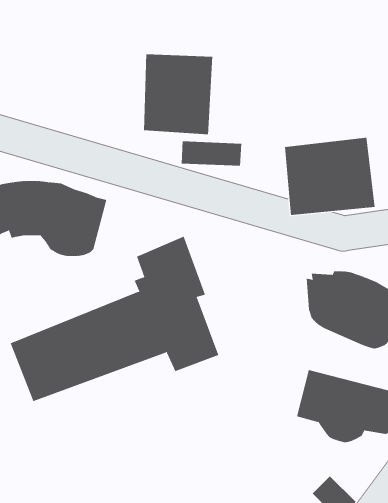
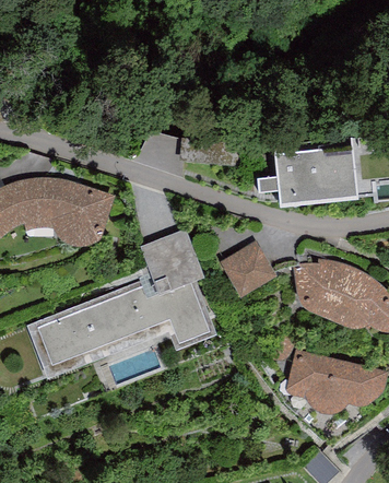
building: [143,53,213,135] -> none
building: none -> [217,239,276,299]

